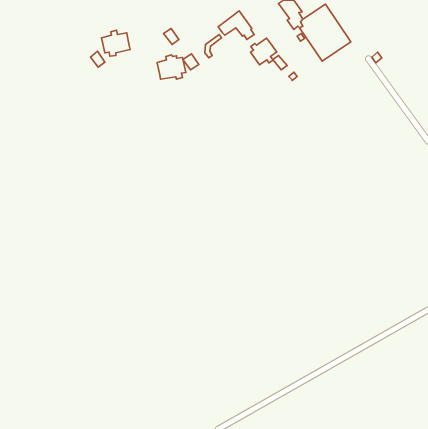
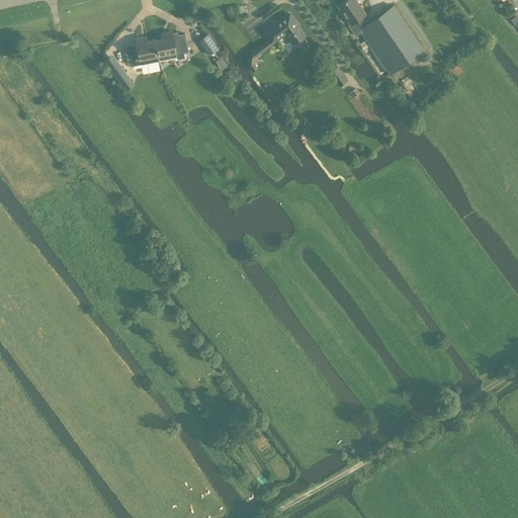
building: [251,38,277,65] -> none
building: [157,55,186,79] -> [153,30,187,60]

